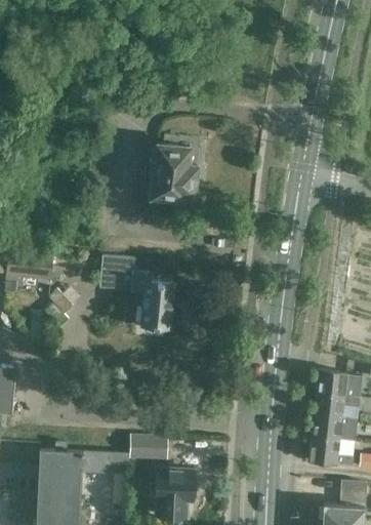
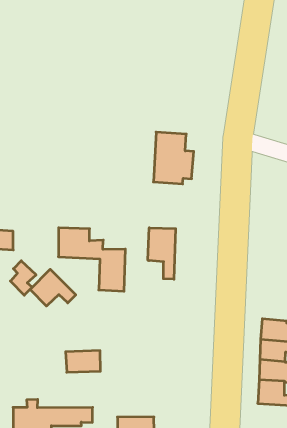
building: [151,144,197,202] -> [153,132,194,184]
building: none -> [148,228,176,279]
building: none -> [30,269,76,306]
building: [130,436,168,459] -> [66,351,100,372]

